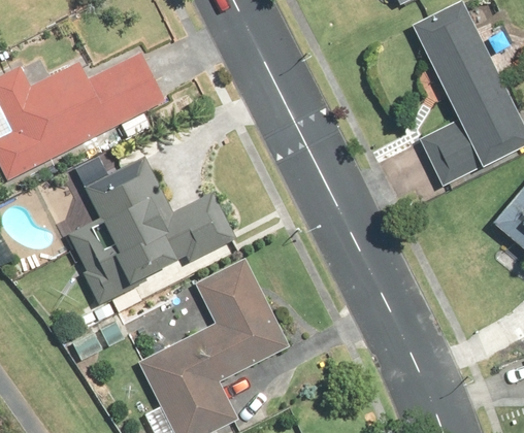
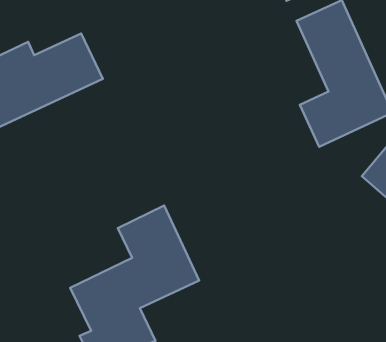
building: [60,152,239,306] -> none

